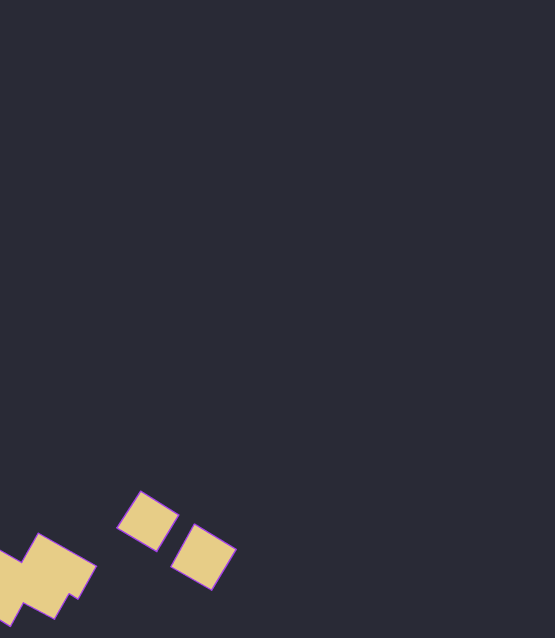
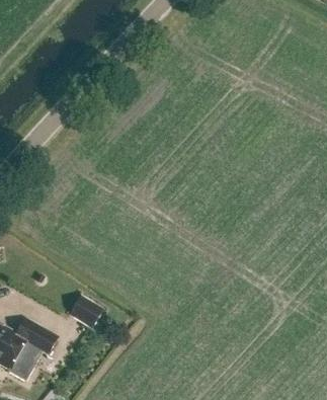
building: [171,524,236,590] -> none

